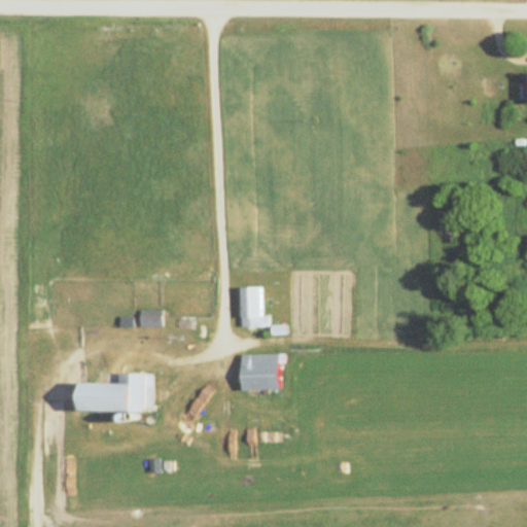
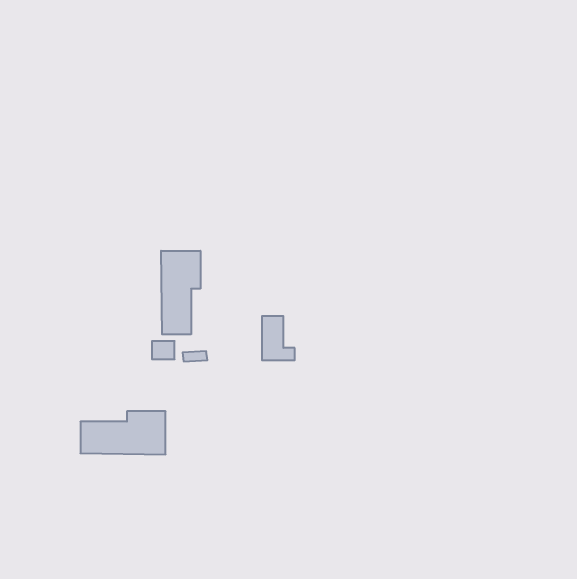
building: none -> [161,251,200,334]
building: [241,354,279,390] -> none

